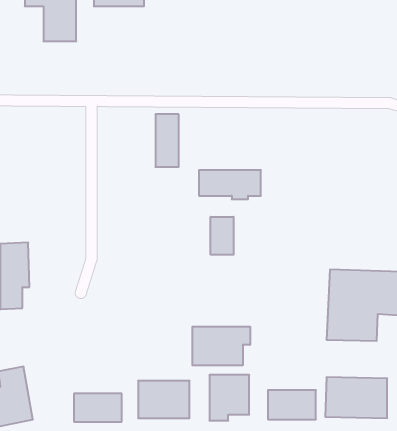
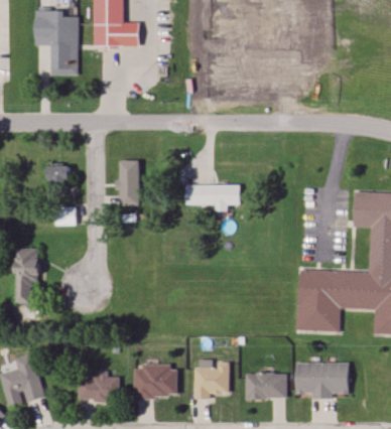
building: [155,114,179,167] -> [120,161,140,206]
building: none -> [48,165,71,198]
building: none -> [56,208,77,227]
building: [211,217,234,255] -> none
building: [192,327,250,365] -> none

